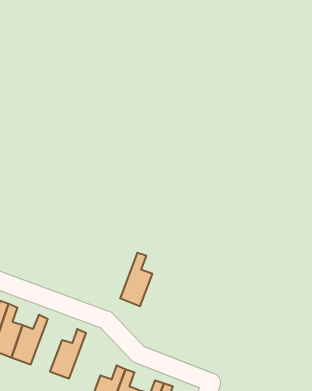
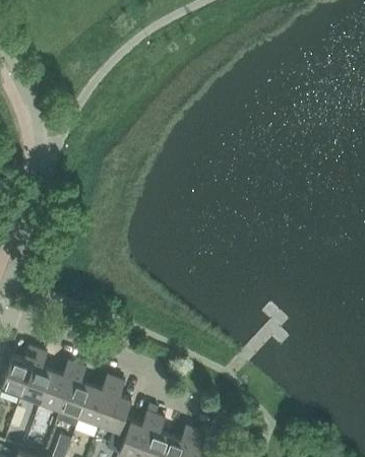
building: [120,253,152,306] -> [99,380,131,434]
building: none -> [60,366,92,418]

